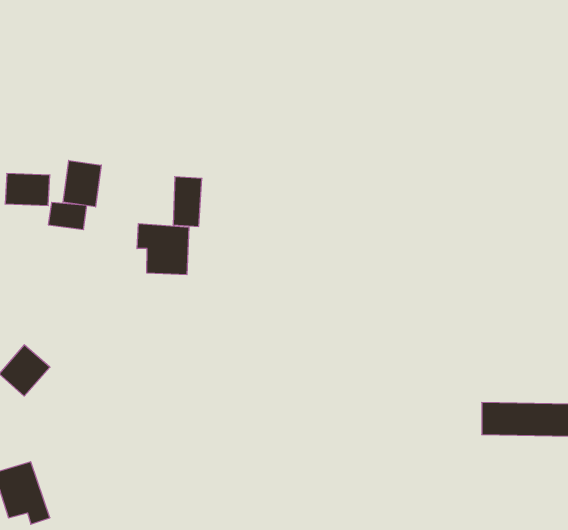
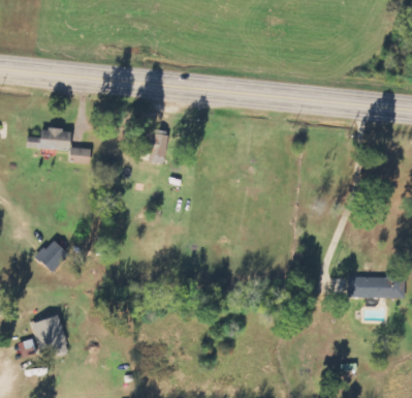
building: [63,160,101,207] -> none
building: [137,224,189,275] -> none

